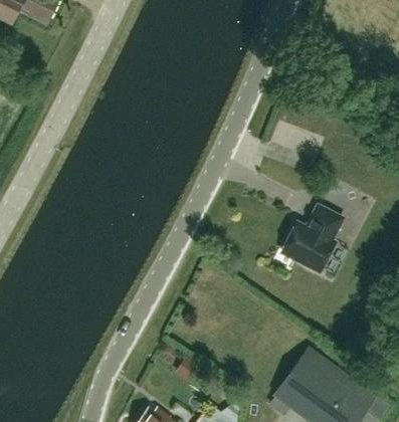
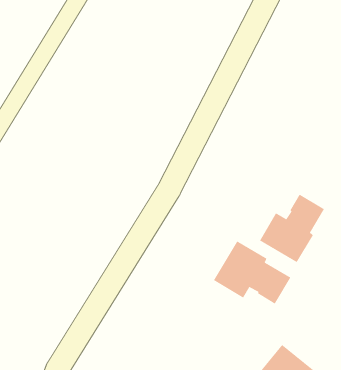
building: none -> [213,241,291,304]

